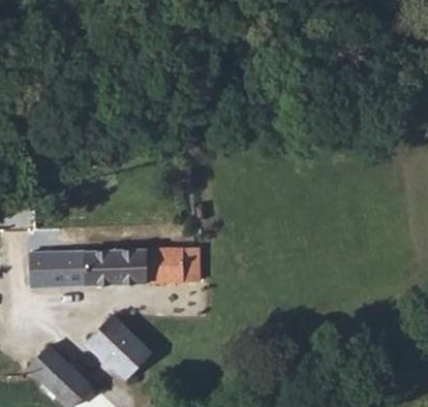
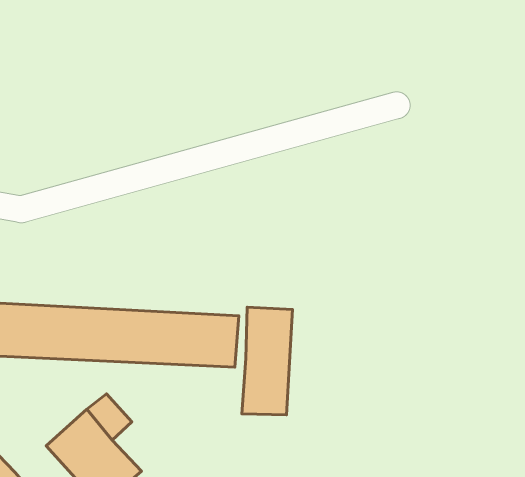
building: none -> [242,307,293,415]

